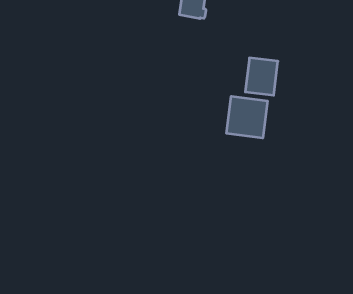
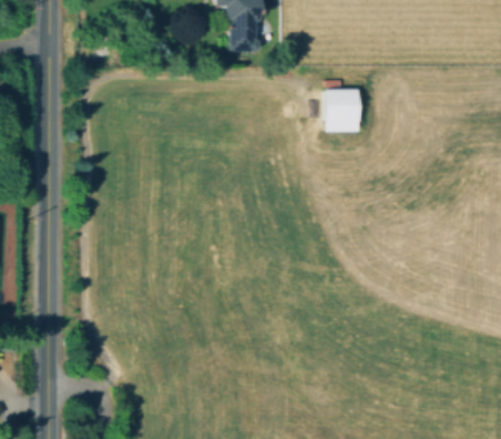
building: [227,96,267,138] -> none

